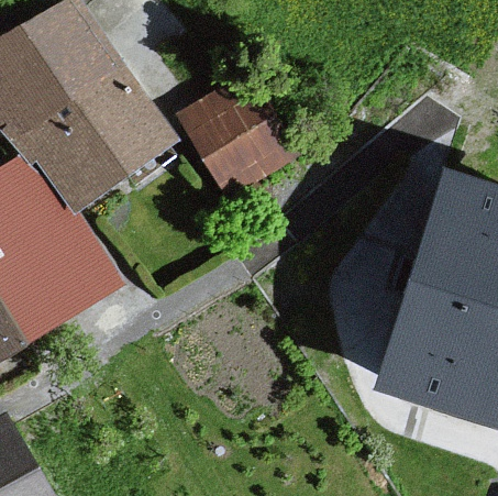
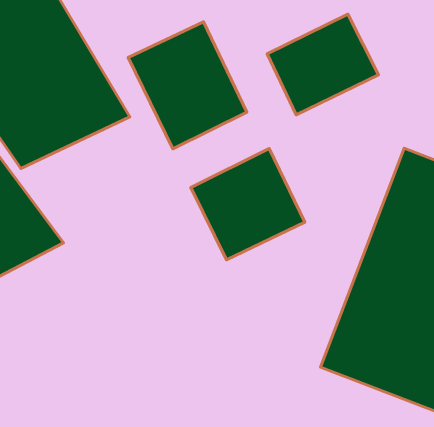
building: none -> [267,14,379,115]
building: none -> [191,149,305,260]

